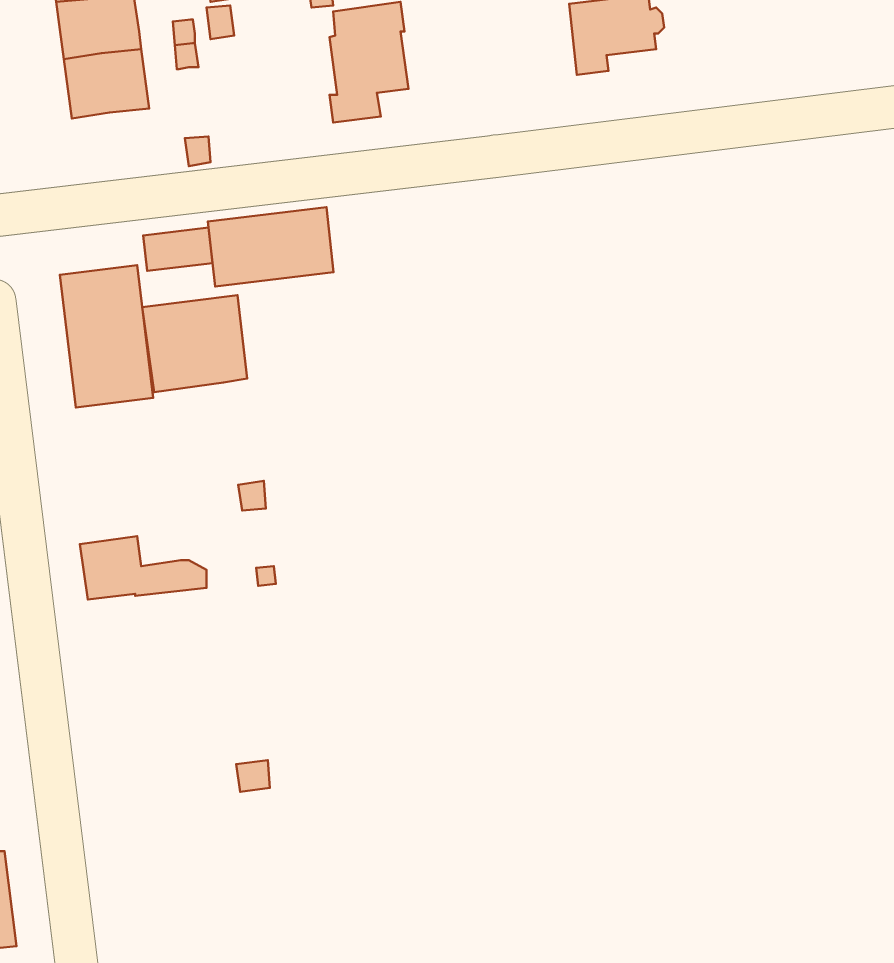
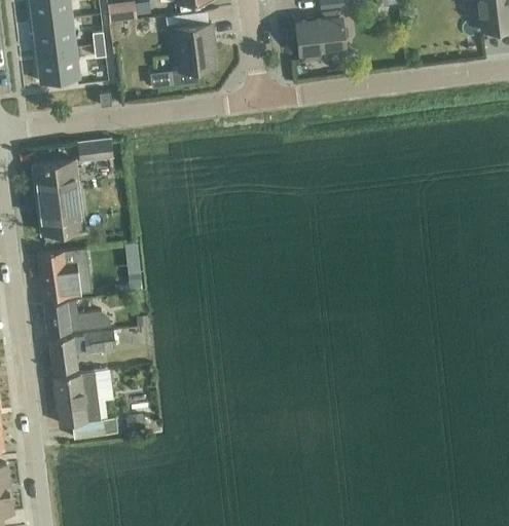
building: [208,207,334,286] -> none
building: [142,295,247,392] -> [37,249,92,299]
building: none -> [48,330,115,371]
building: none -> [53,369,118,438]

